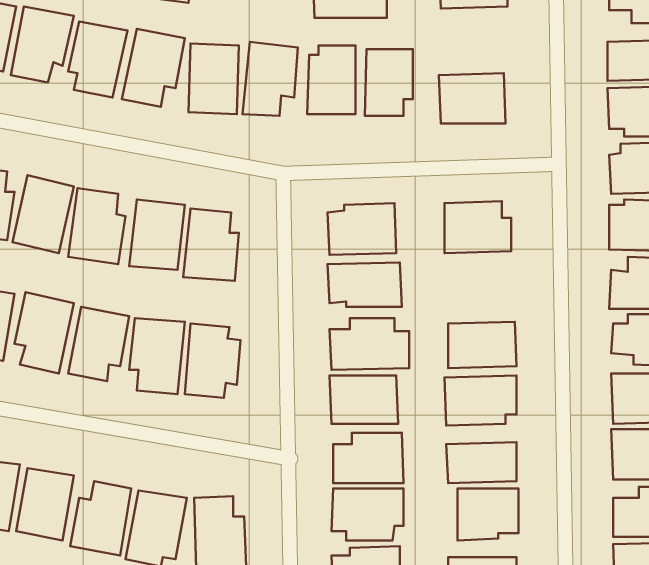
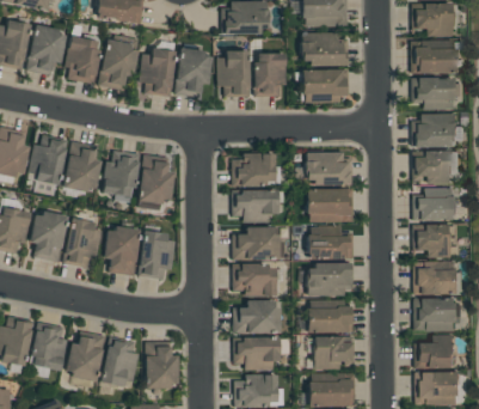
building: none -> [302,31,345,66]
building: none -> [307,188,354,221]

